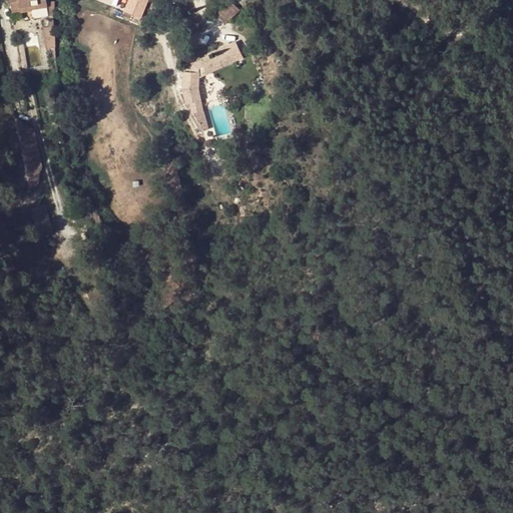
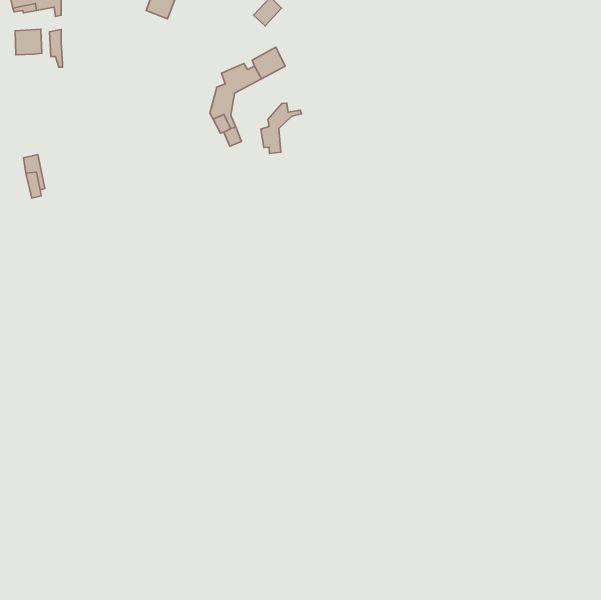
building: none -> [15,29,42,55]
building: none -> [261,103,301,153]

